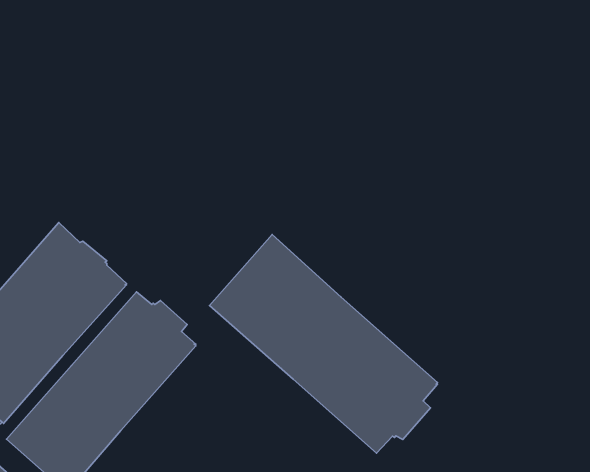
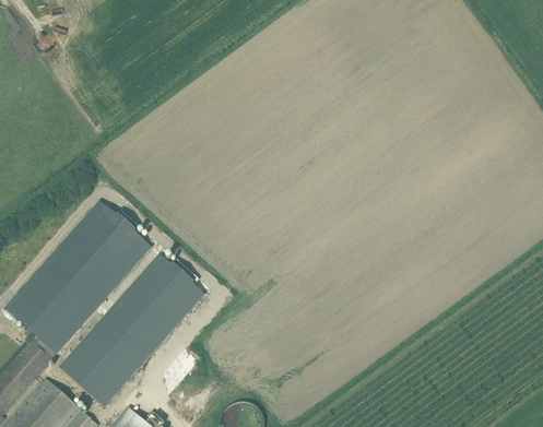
building: [210,235,438,453] -> none

